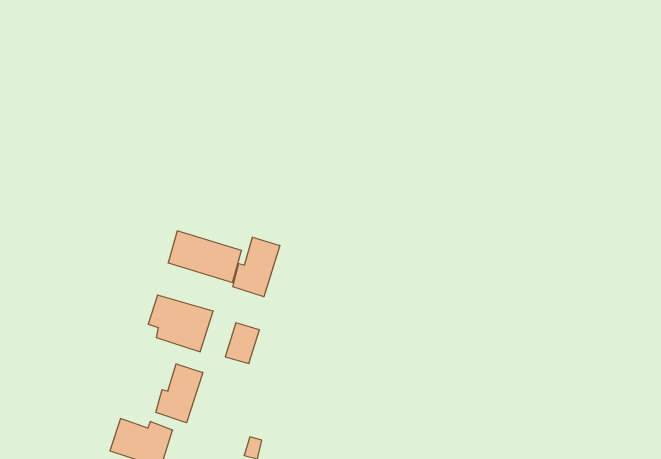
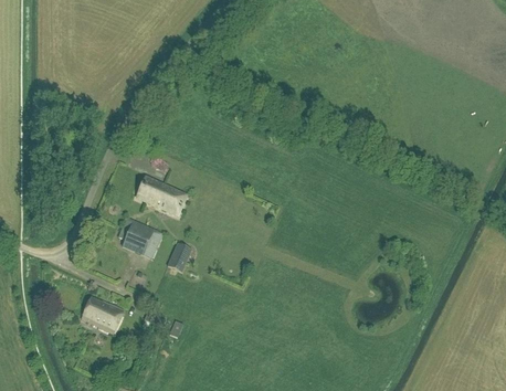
building: [233,237,280,297] -> none
building: [156,364,203,423] -> none

